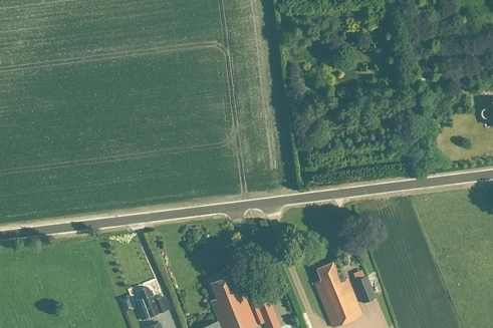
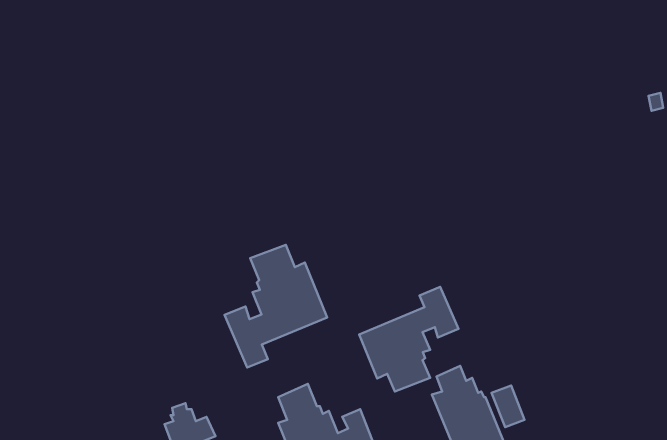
building: none -> [225,245,327,368]
building: none -> [359,287,459,391]

